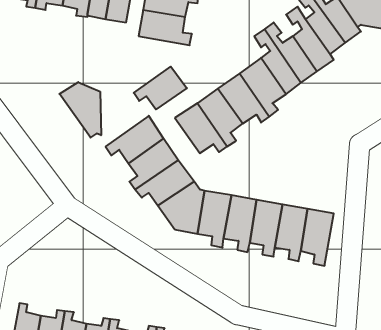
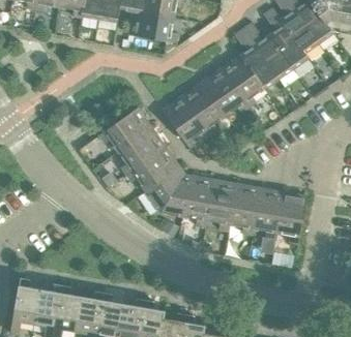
building: [134,67,187,109] -> none
building: [59,82,101,138] -> none

